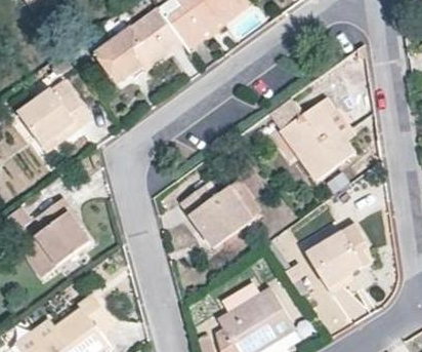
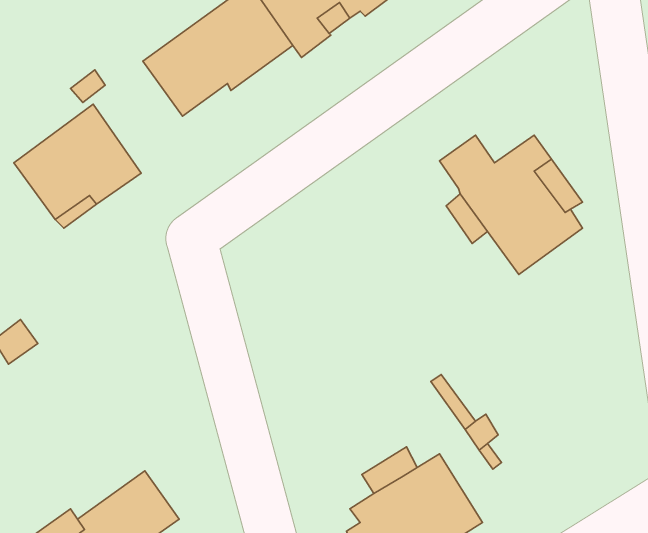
building: [178,178,262,247] -> none
building: [18,195,90,276] -> none
building: [305,221,371,294] -> none

